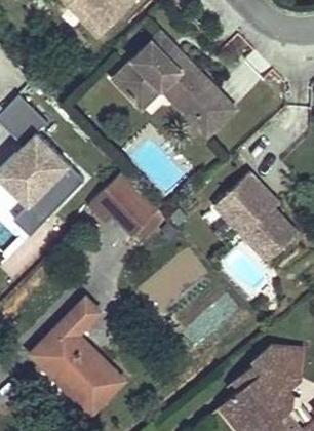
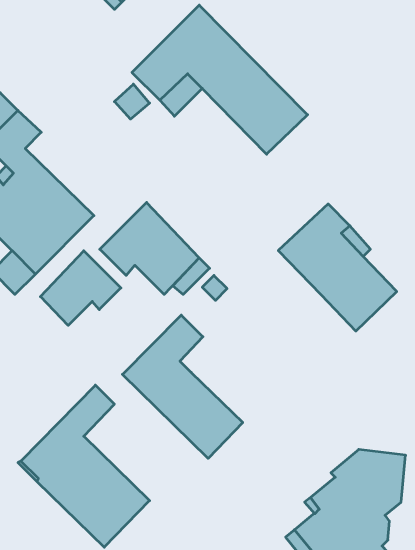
building: none -> [40,251,121,325]
building: none -> [122,315,243,458]

